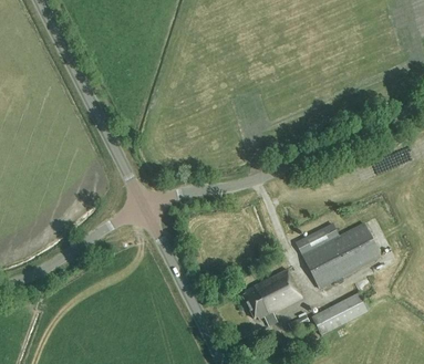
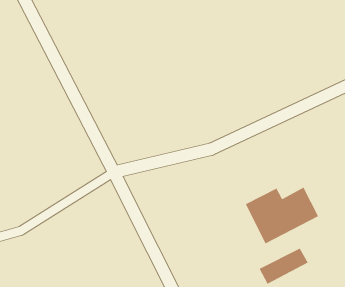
building: [241,269,301,326] -> none

